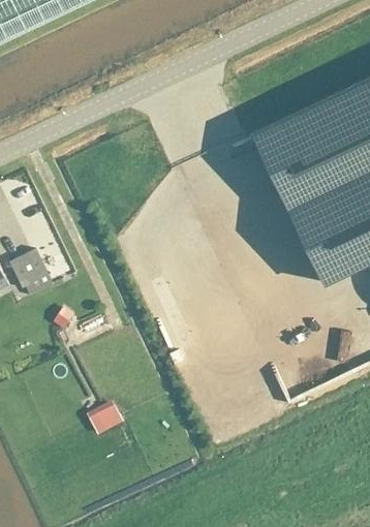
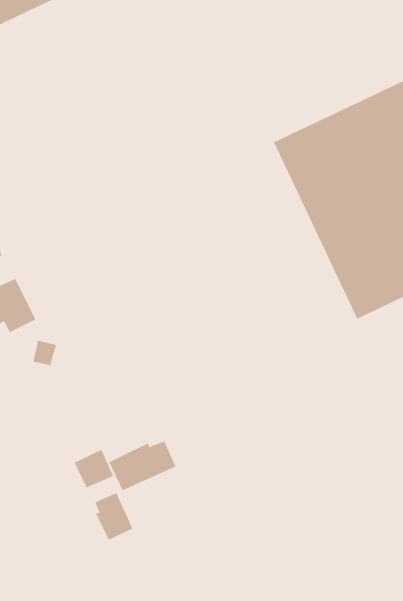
building: none -> [108,441,176,491]
building: none -> [95,492,133,541]

